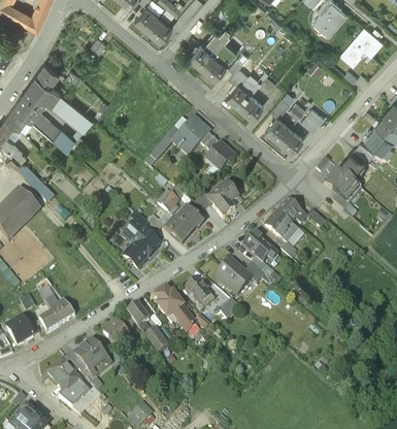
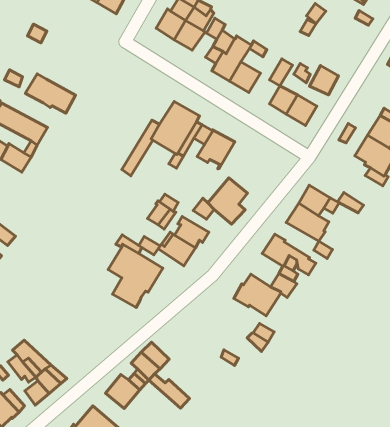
building: none -> [25,74,76,113]
building: [185,276,214,308] -> none
building: [155,288,197,331] -> none

